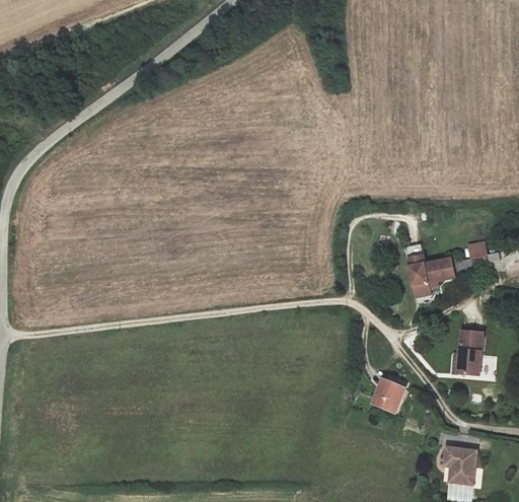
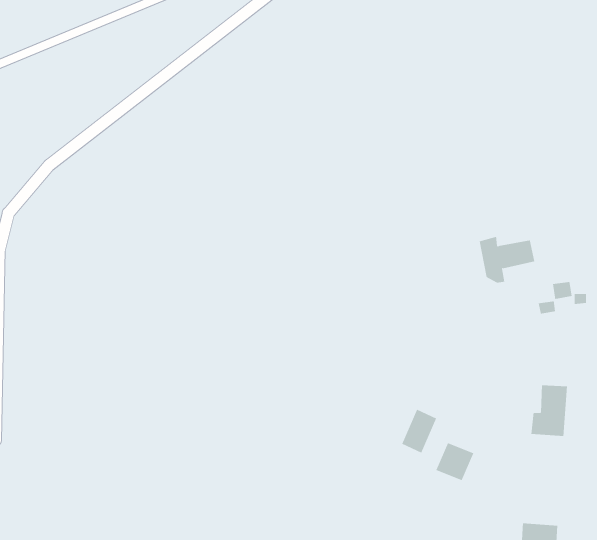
building: [407,255,455,294] -> [479,236,535,283]
building: none -> [402,409,437,454]

